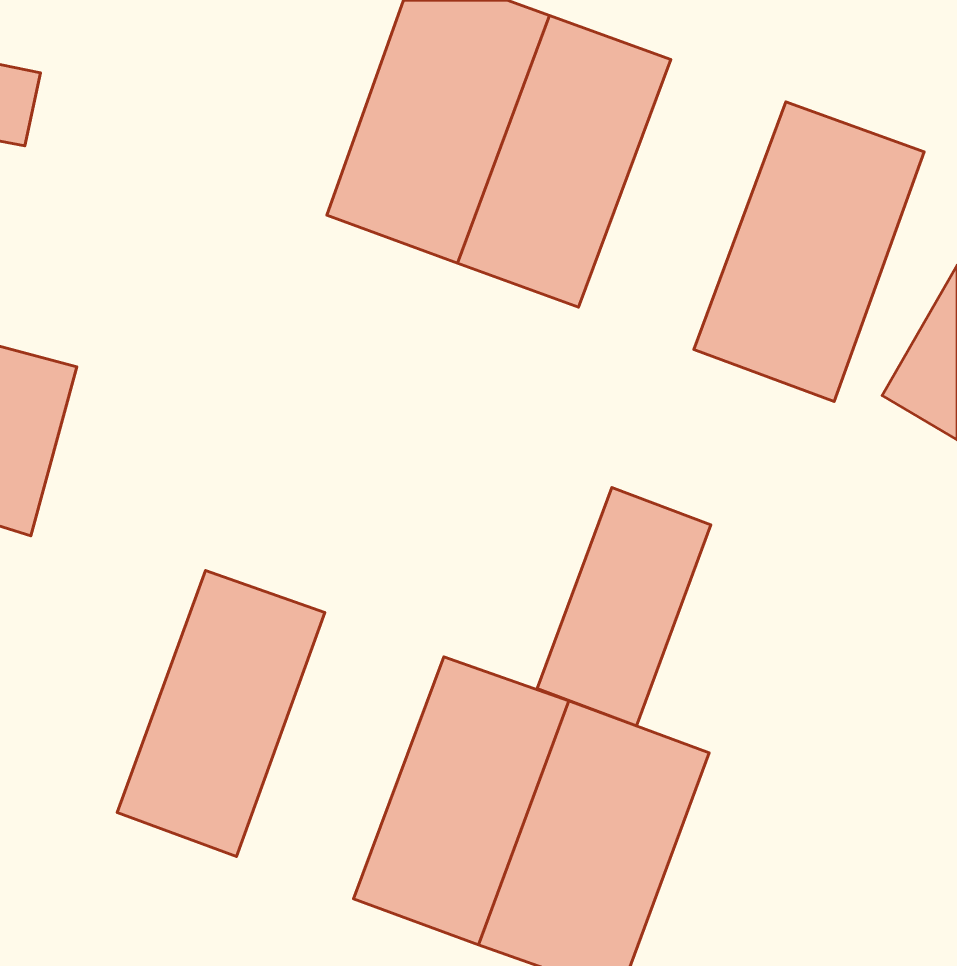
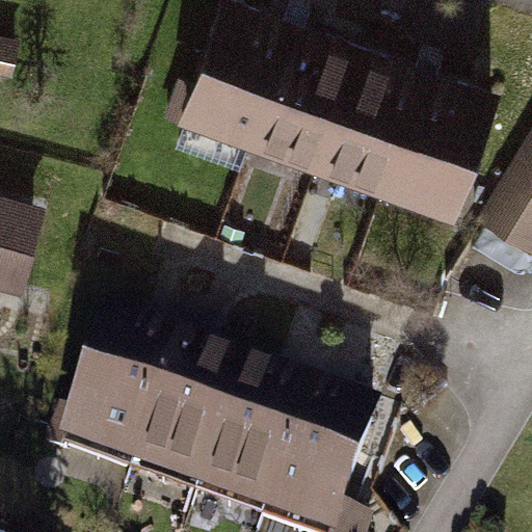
building: none -> [313,41,425,197]
building: [537,488,711,726] -> none
building: none -> [128,340,240,495]

